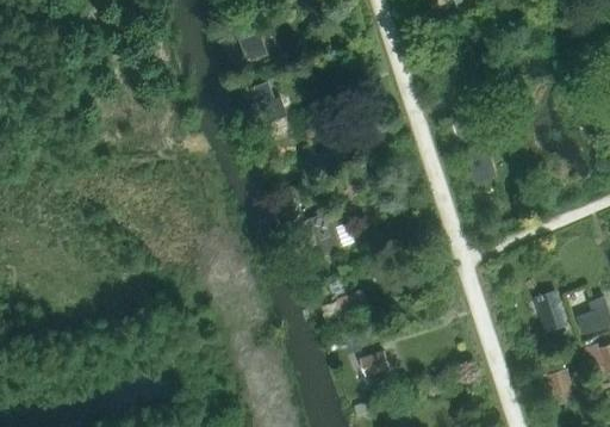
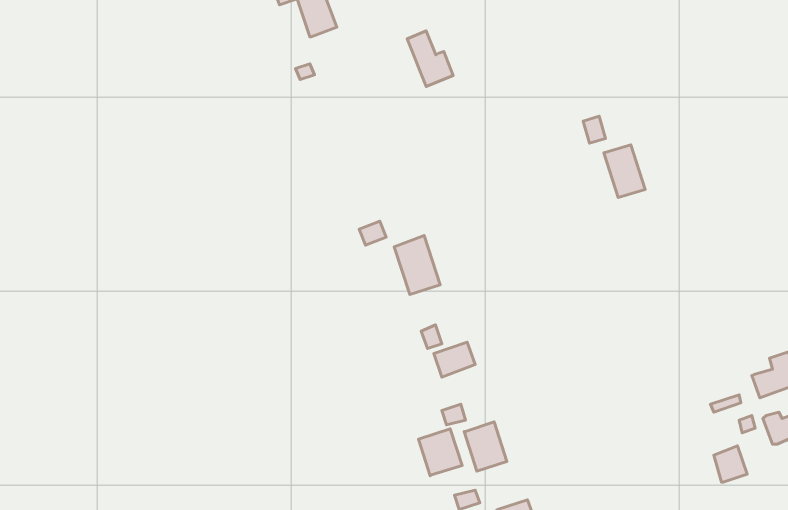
building: [253,81,287,123] -> [407,31,453,87]
building: [534,291,566,332] -> none
building: none -> [418,429,462,476]

